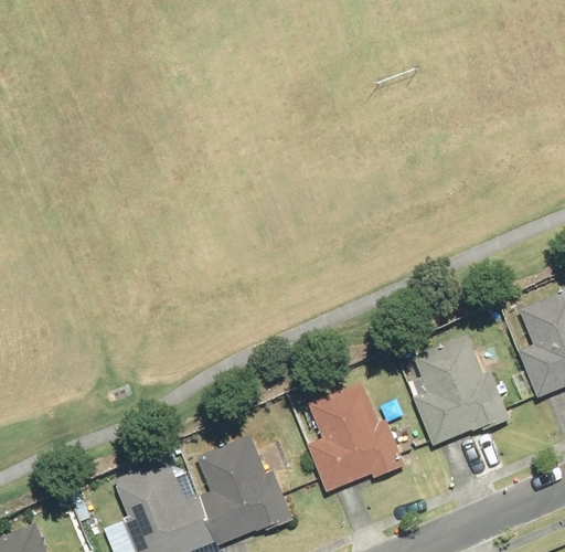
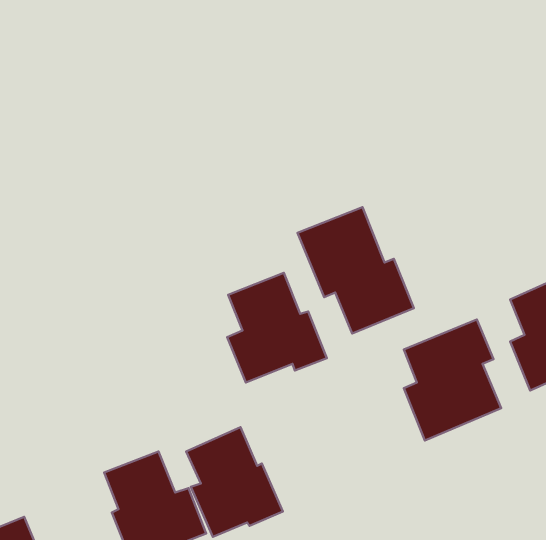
building: none -> [298,207,414,333]
building: [306,382,405,491] -> [227,273,327,383]

